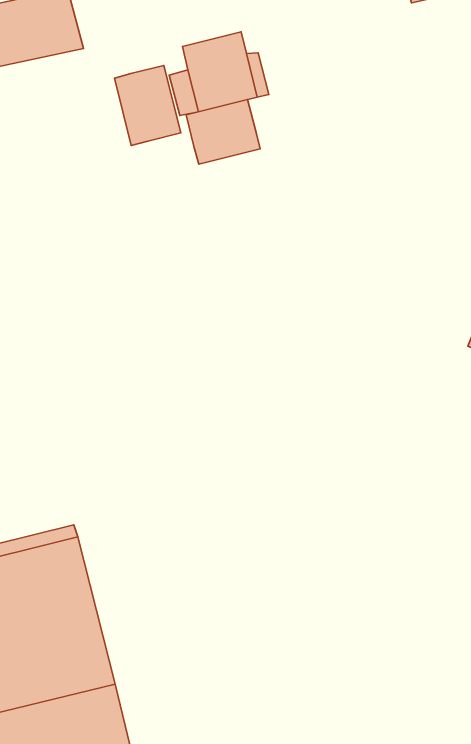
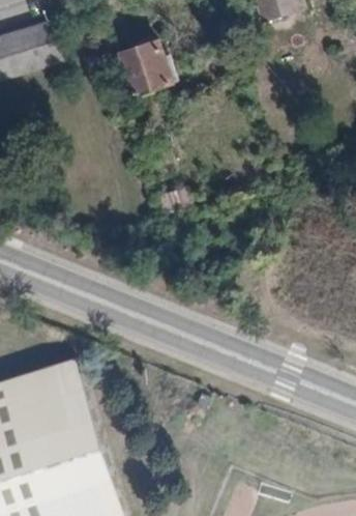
building: [115,65,181,146] -> none
building: [186,100,260,164] -> none

